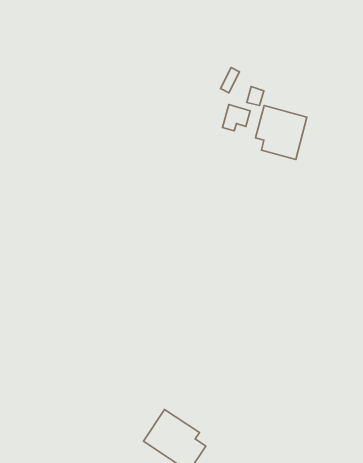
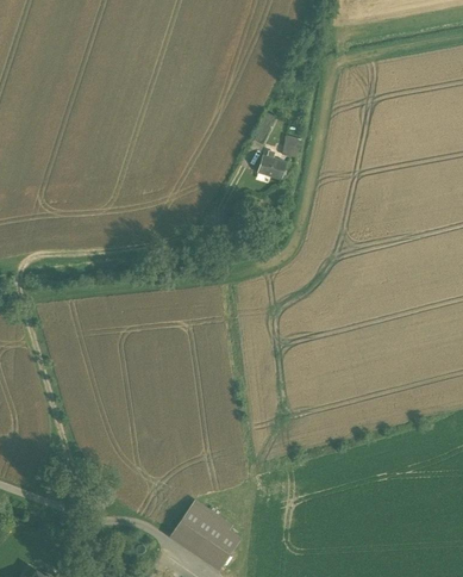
building: [255,105,307,159] -> none

